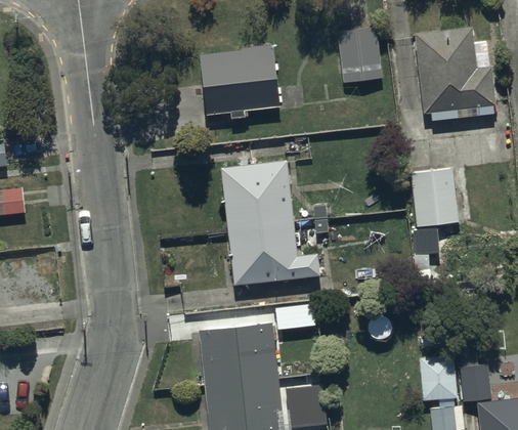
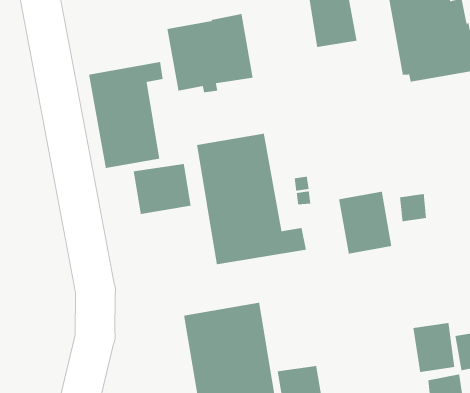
building: none -> [88,61,163,169]
building: [409,168,459,227] -> [338,191,392,254]
building: none -> [133,163,191,215]

